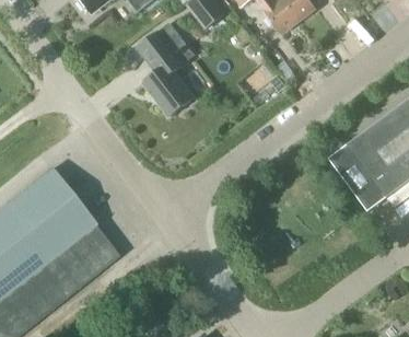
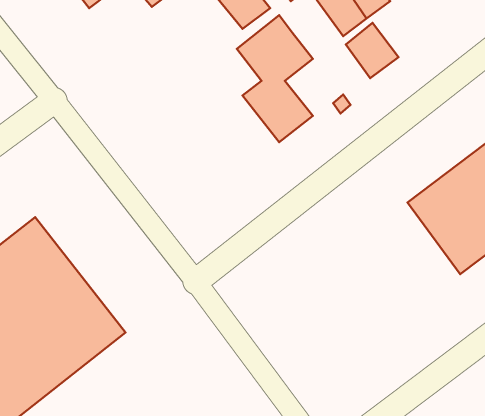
building: [138,22,195,117] -> [237,15,313,142]
building: none -> [346,23,398,78]

